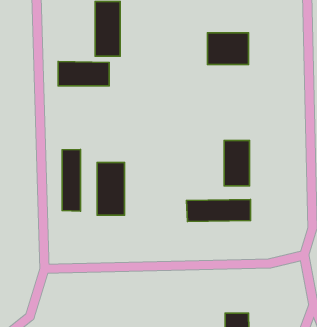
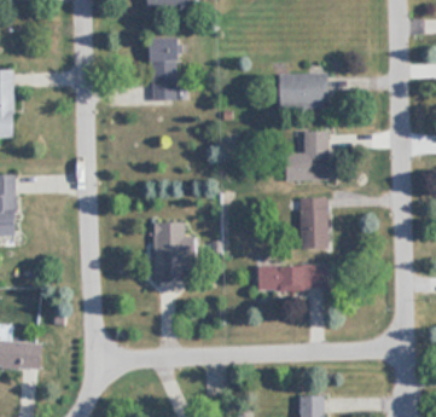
building: [58,61,109,86] -> none
building: none -> [285,129,329,179]
building: [62,150,80,211] -> none

